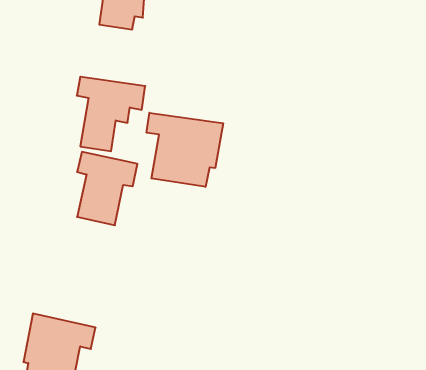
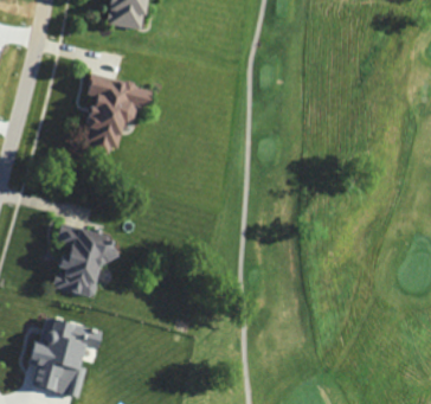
building: [147,113,223,187] -> none
building: [77,152,137,225] -> [52,225,112,299]

